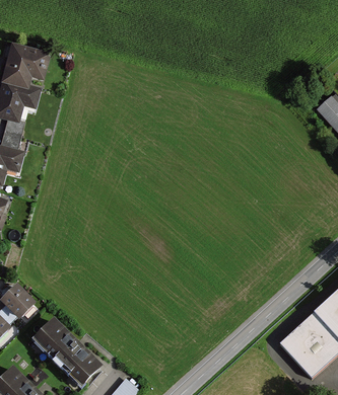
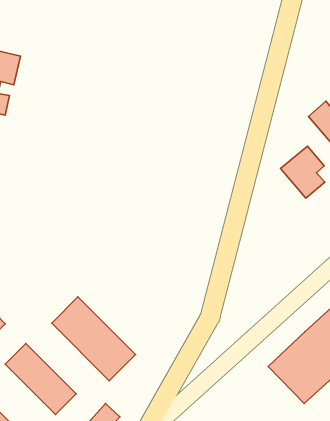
building: none -> [280,146,325,198]
building: none -> [52,297,135,381]

